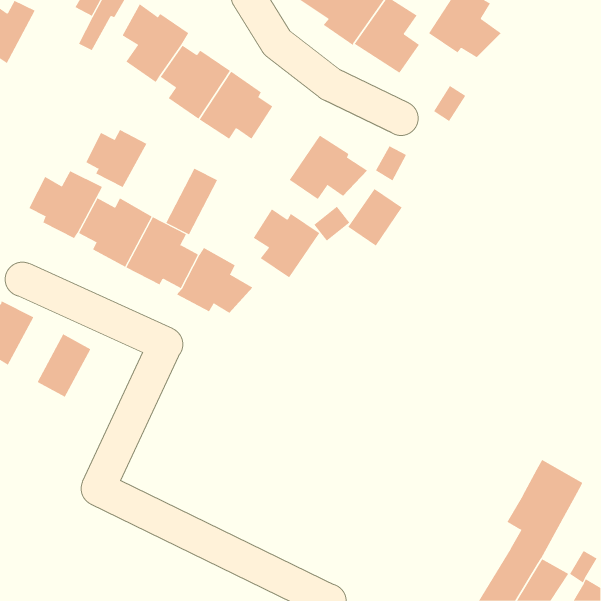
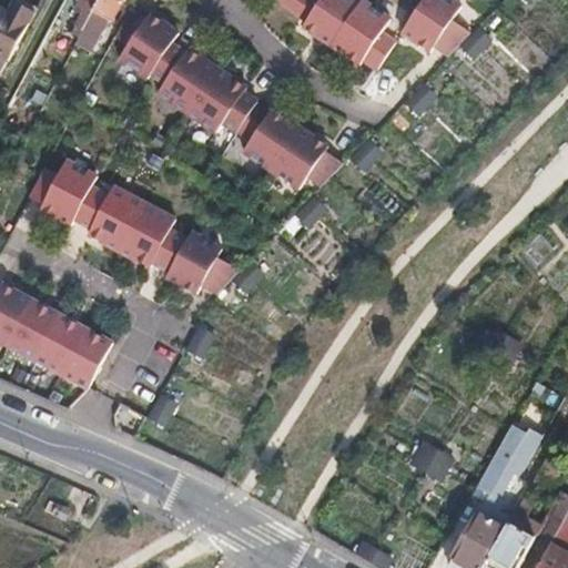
building: [85,129,147,188] -> none
building: [165,168,218,235] -> none
building: [348,188,403,246] -> none
building: [253,208,320,278] -> [236,103,300,169]
building: none -> [8,297,59,358]
building: none -> [61,327,112,387]
building: none -> [410,439,456,479]

